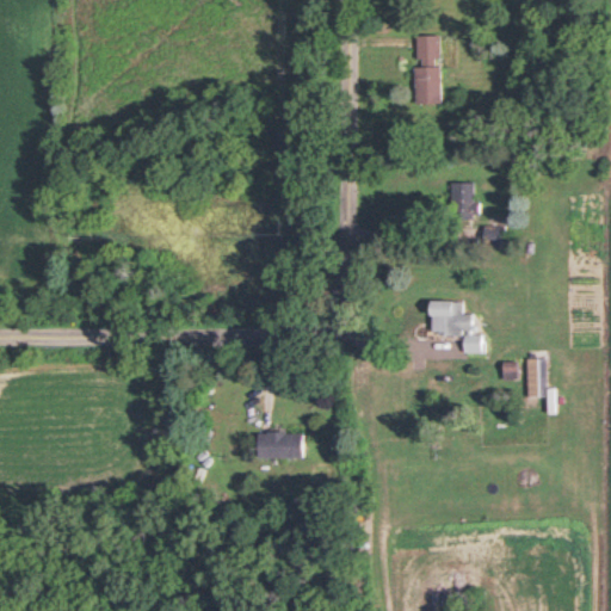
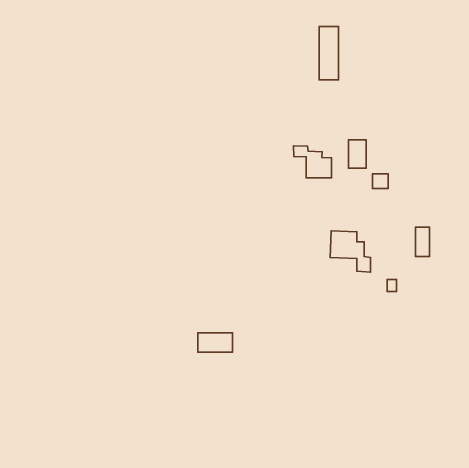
building: none -> [293,146,332,178]
building: [527,358,545,396] -> [416,227,429,256]

